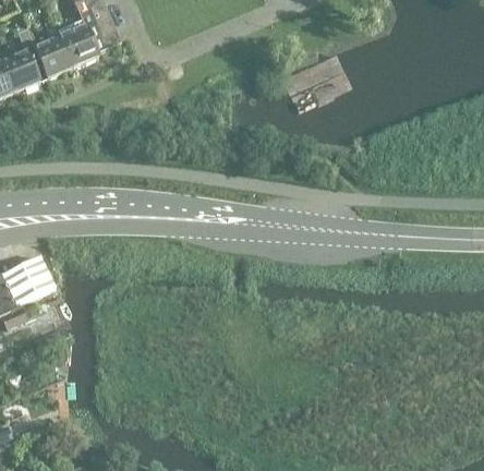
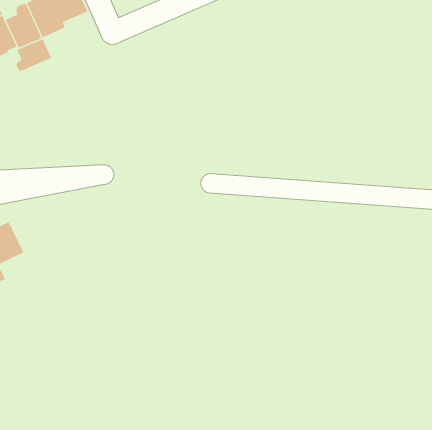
building: none -> [15,38,52,72]

